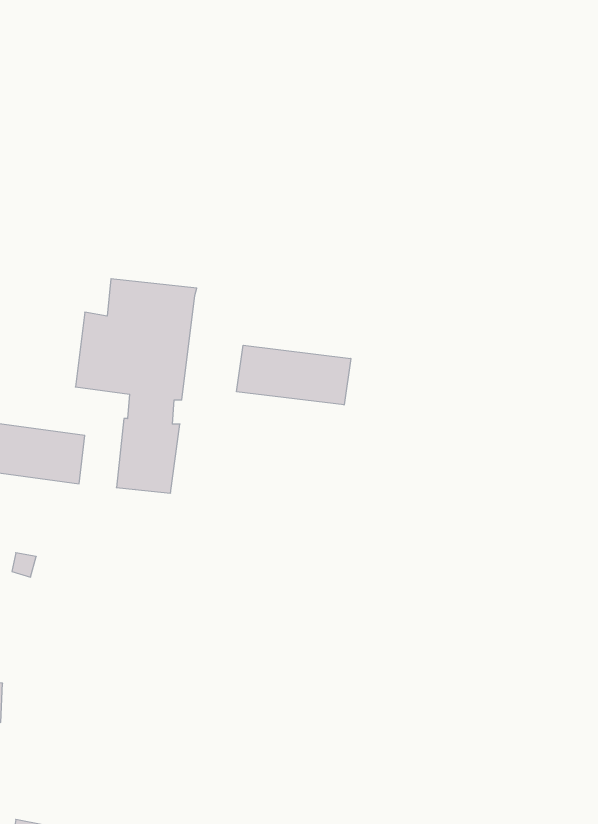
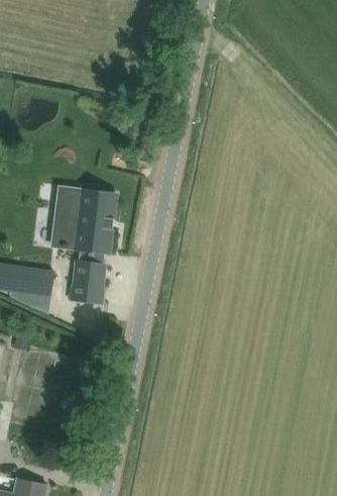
building: [237,345,351,405] -> none

